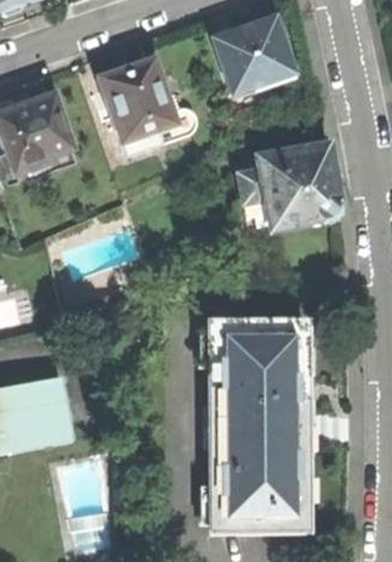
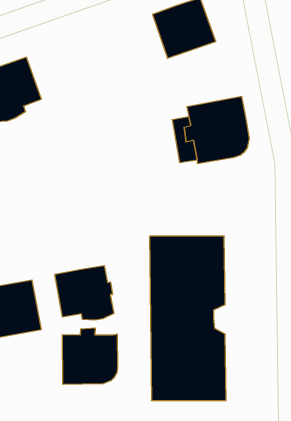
building: [100,56,176,151] -> none
building: none -> [55,266,114,320]
building: none -> [62,328,118,384]

